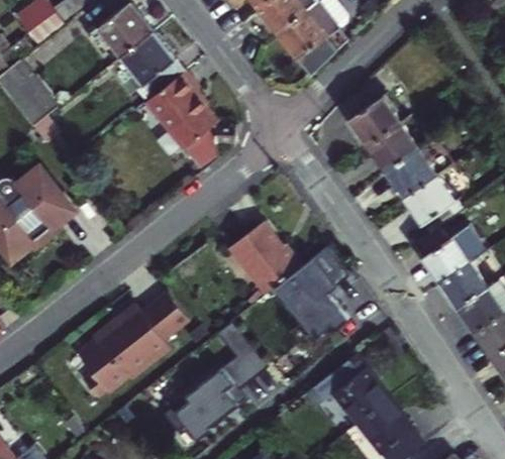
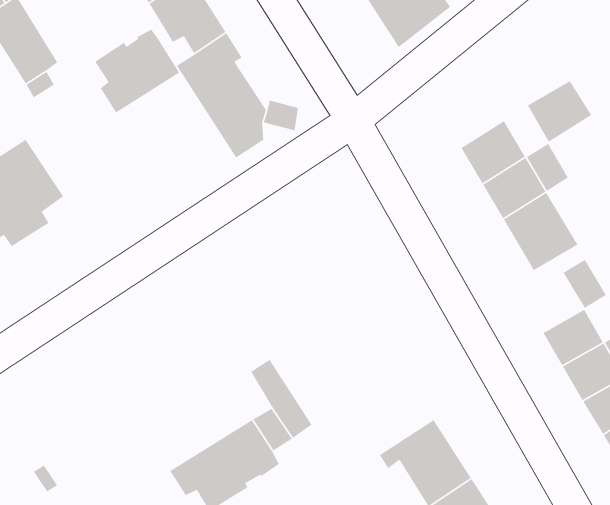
building: none -> [94,29,180,113]
building: [343,96,394,145] -> [527,80,592,143]
building: [232,219,354,337] -> none
building: [419,233,469,280] -> none
building: [81,290,192,392] -> none

